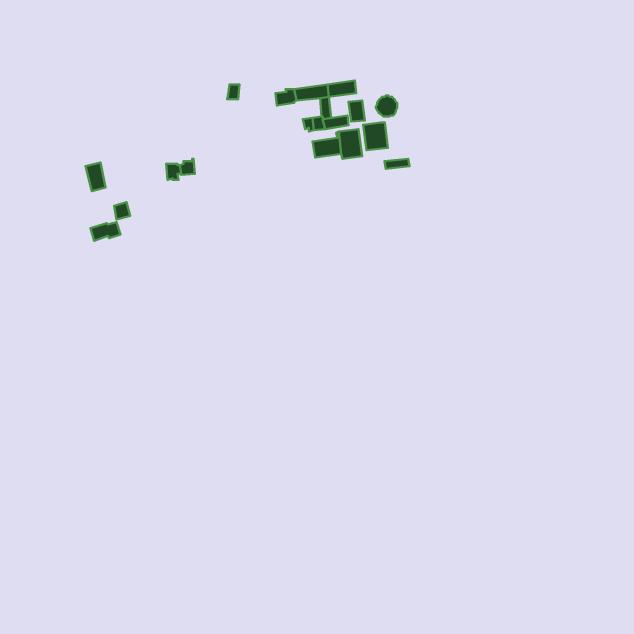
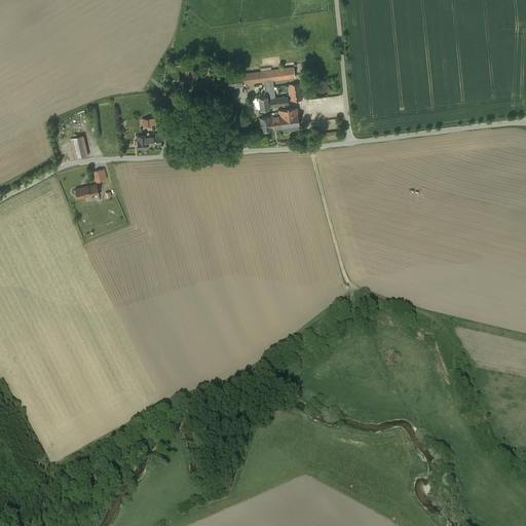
building: [363,122,388,150] -> none

